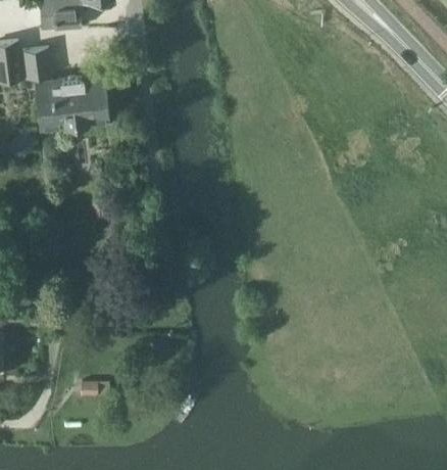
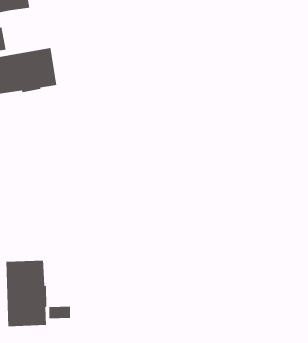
building: none -> [6,260,47,327]

